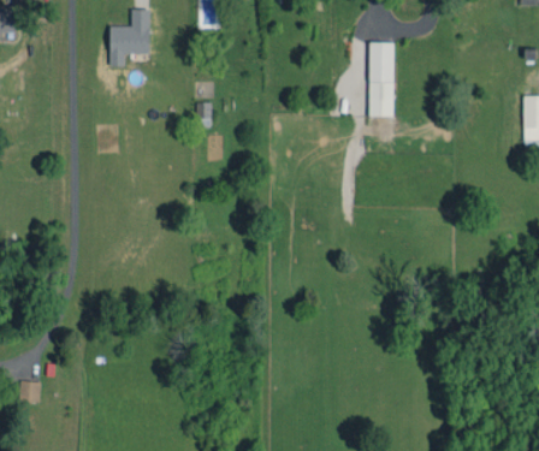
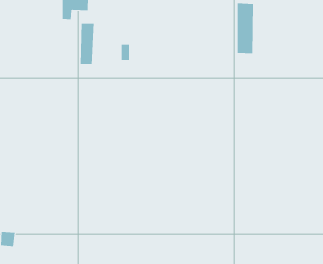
building: none -> [80,23,94,65]

